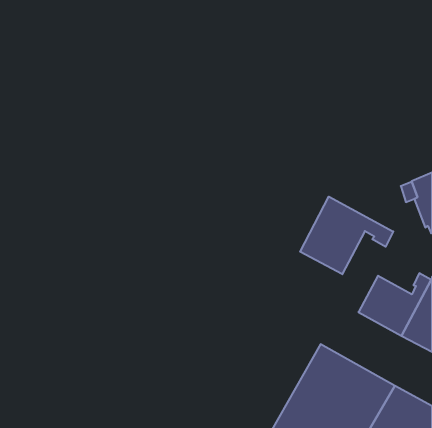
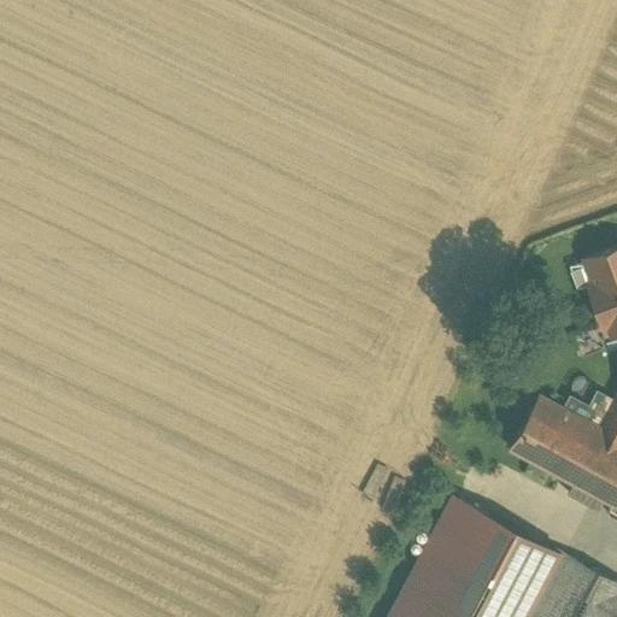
building: [300,197,393,274] -> none

